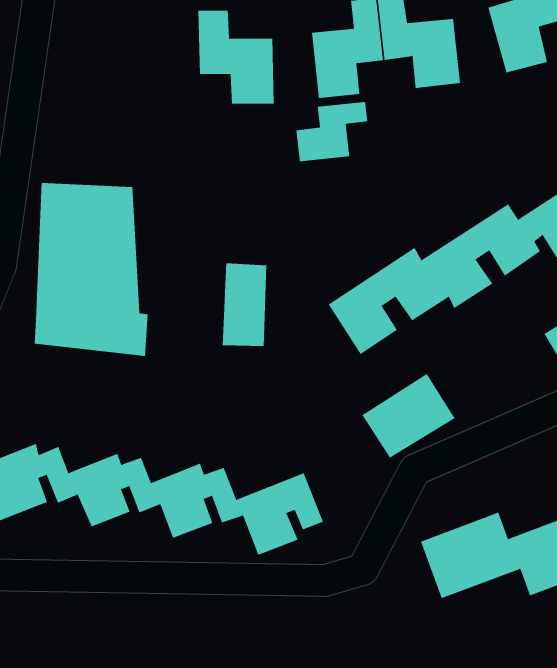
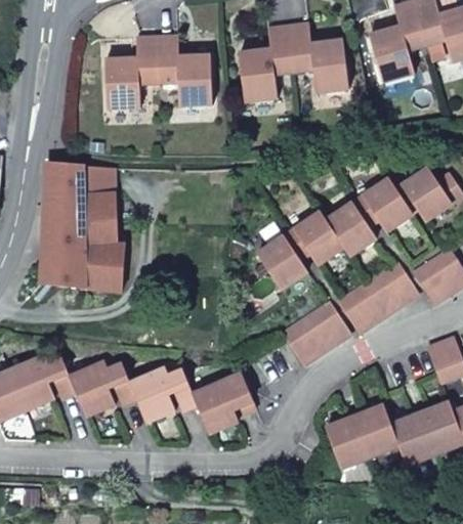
building: none -> [110,37,162,110]
building: [296,101,368,162] -> none
building: [222,263,267,347] -> none
building: none -> [338,263,419,334]

